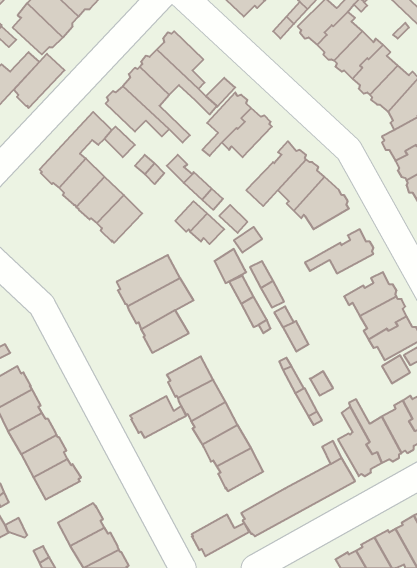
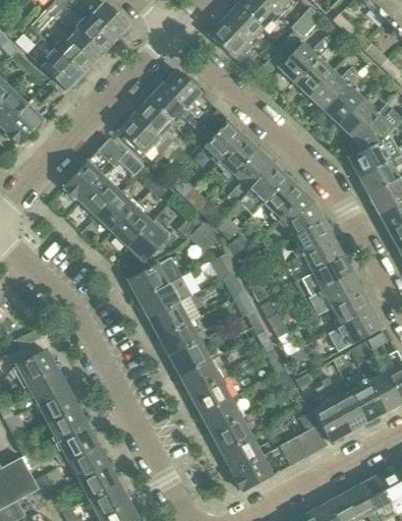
building: [14,54,65,108] -> none
building: none -> [227,150,272,206]
building: none -> [127,217,176,260]
building: none -> [293,218,332,255]
building: none -> [312,255,351,291]
building: [130,396,186,438] -> [159,322,206,356]
building: none -> [70,445,110,479]
building: [192,515,249,556] -> [222,437,270,471]

